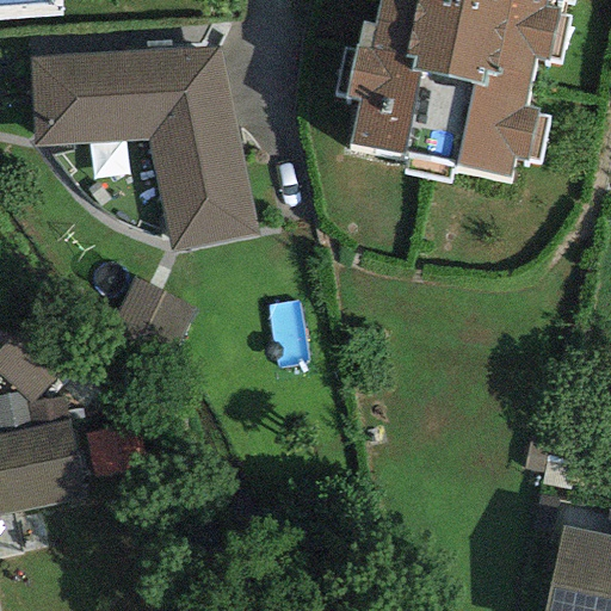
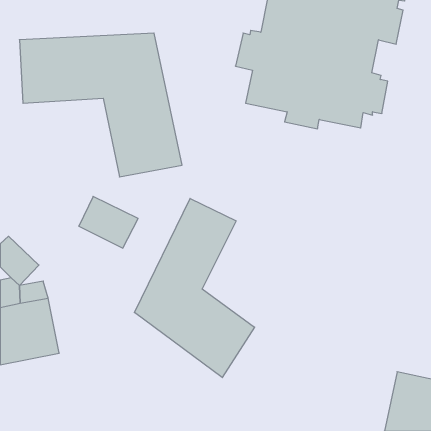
building: none -> [134,198,255,378]

